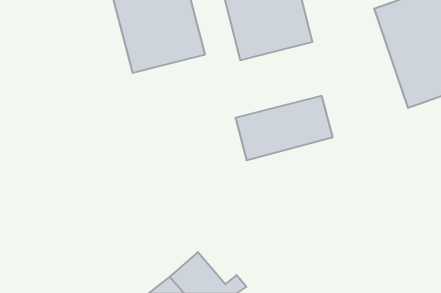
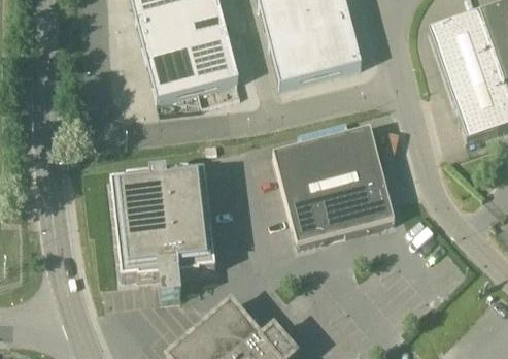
building: none -> [110,168,215,300]
building: none -> [285,173,395,246]

